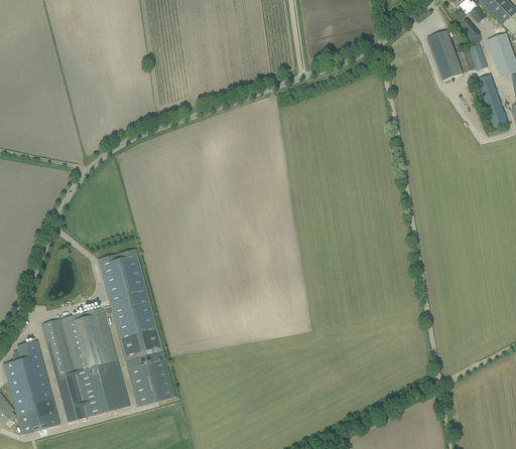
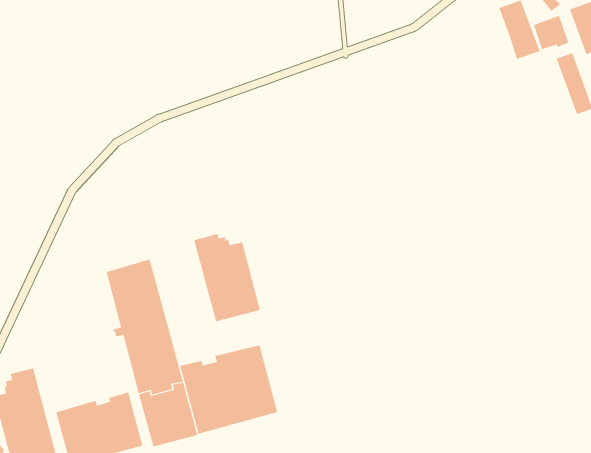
building: none -> [194,233,260,322]
building: [41,307,117,377] -> none
building: none -> [179,345,278,435]

